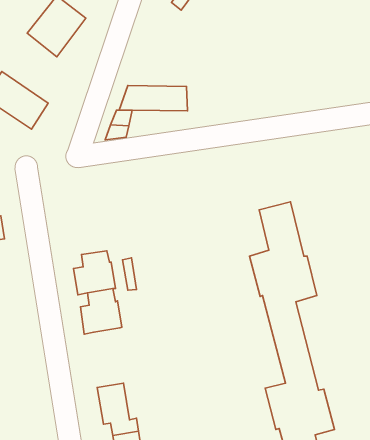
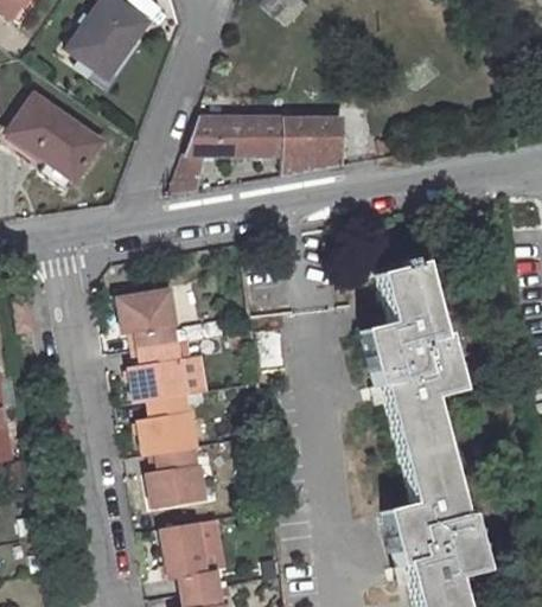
building: none -> [282,117,344,173]
building: none -> [119,287,174,345]
building: none -> [147,445,203,505]

